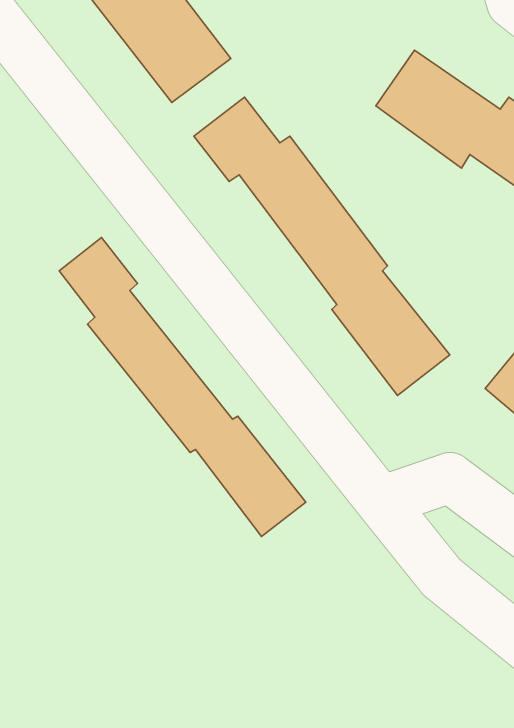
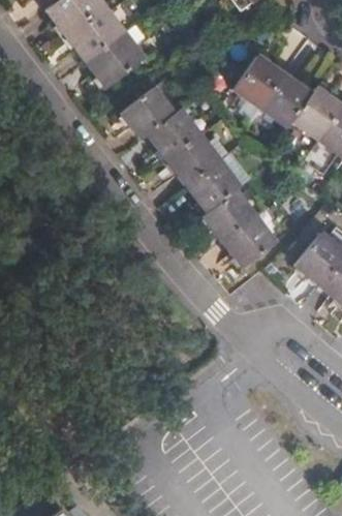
building: [59,237,306,537] -> none

